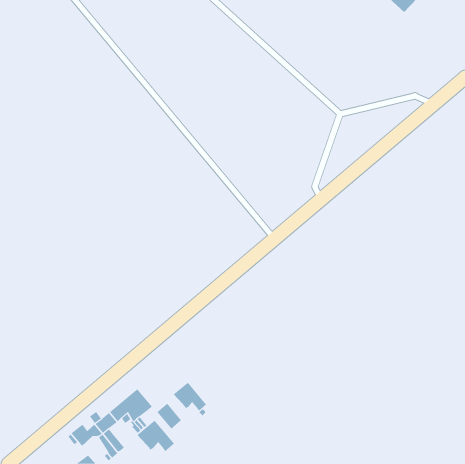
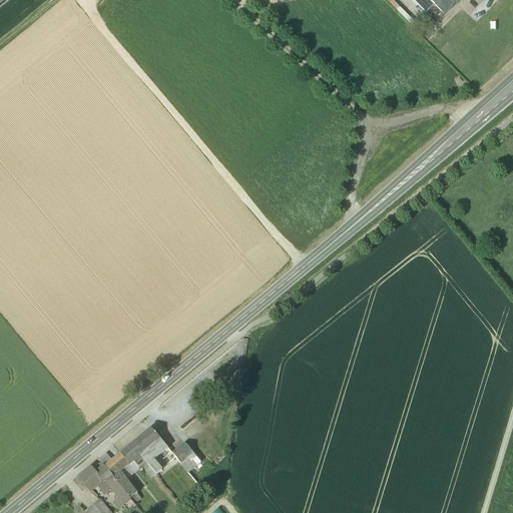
building: [173,382,207,412] -> none
building: [137,420,175,452] -> none

